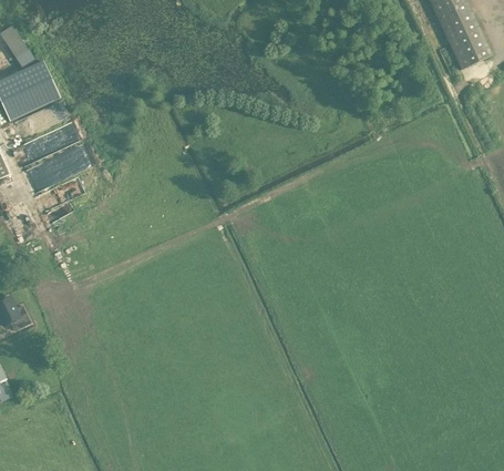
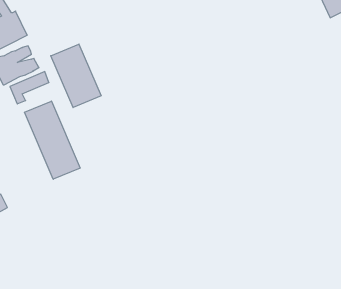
building: none -> [51,44,101,108]
building: none -> [24,101,80,179]

